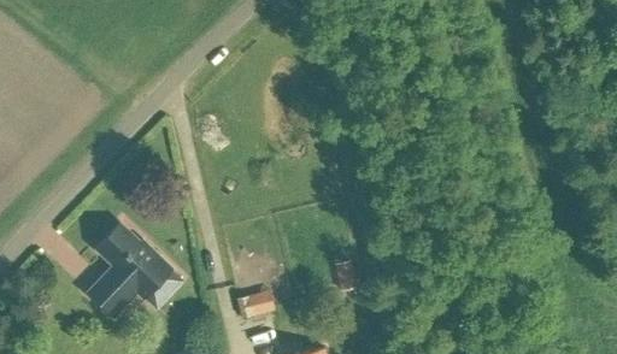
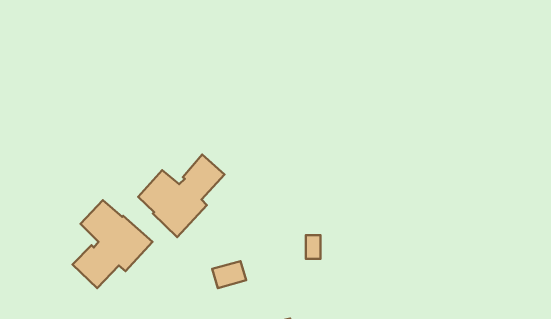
building: none -> [138,155,224,237]

